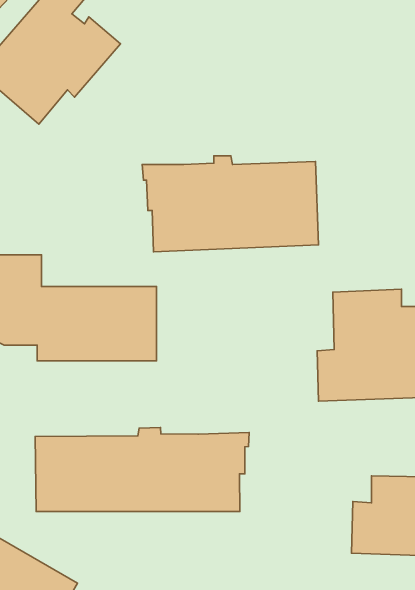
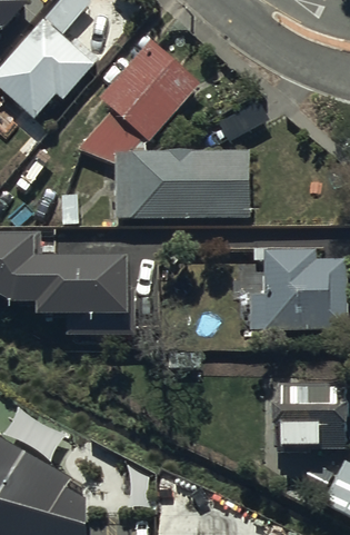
building: none -> [81,41,198,165]
building: [35,427,249,511] -> none

